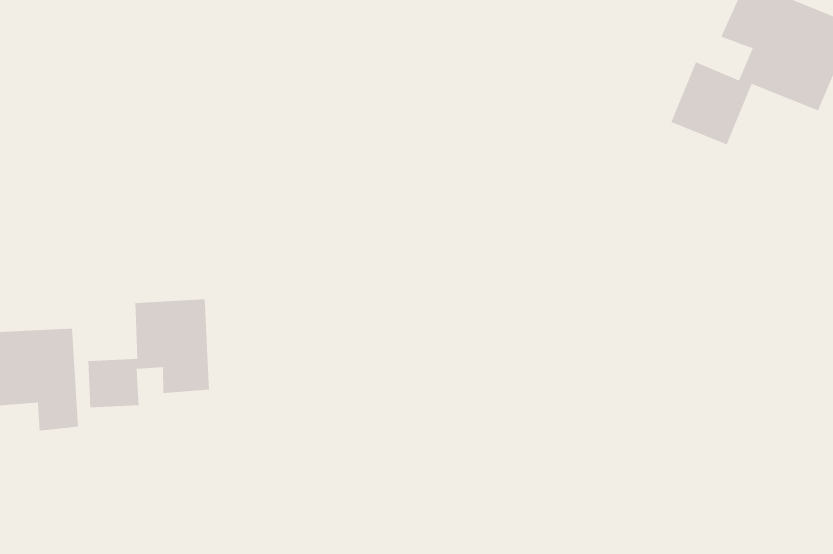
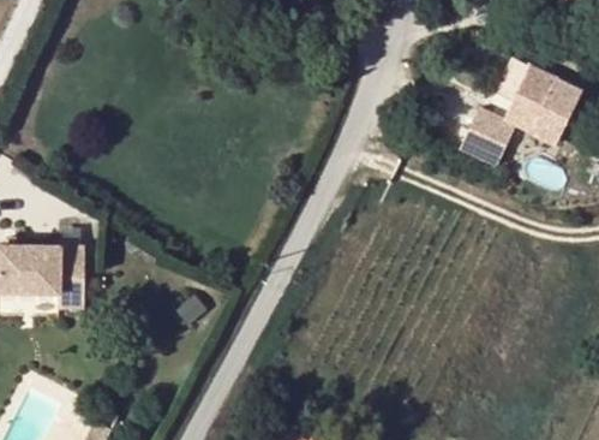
building: [88,298,209,408] -> none

